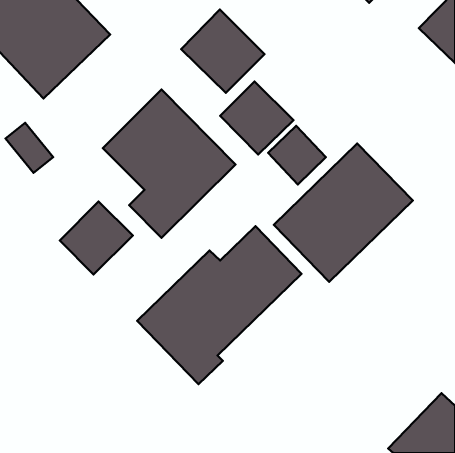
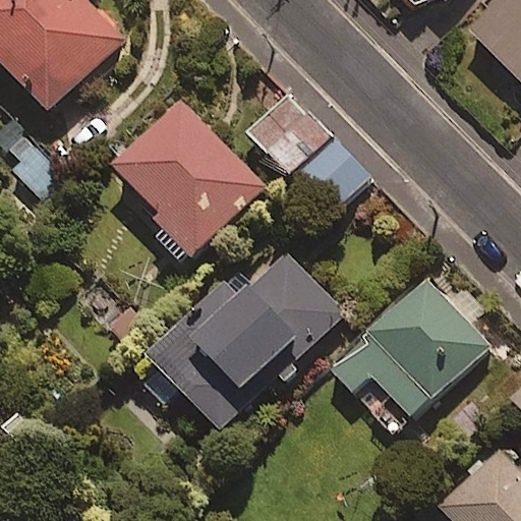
building: [181,9,264,93] -> none
building: [274,143,413,282] -> [331,278,487,433]
building: [60,201,133,275] -> none

